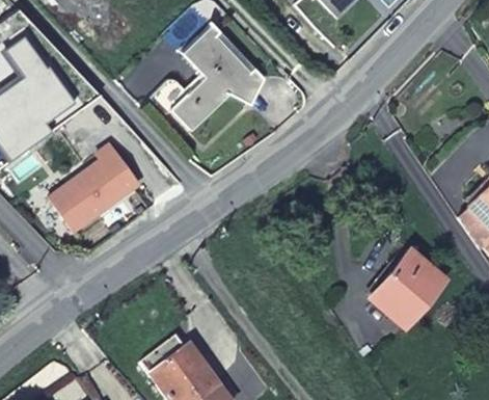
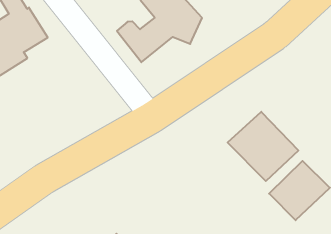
building: [47,149,137,236] -> none
building: none -> [228,112,298,181]

